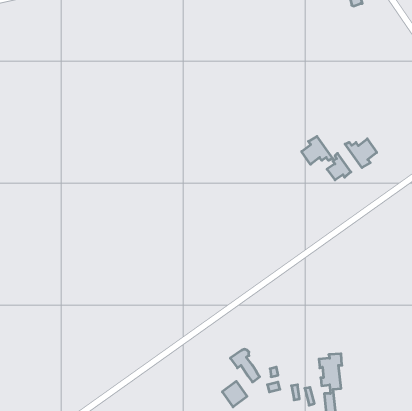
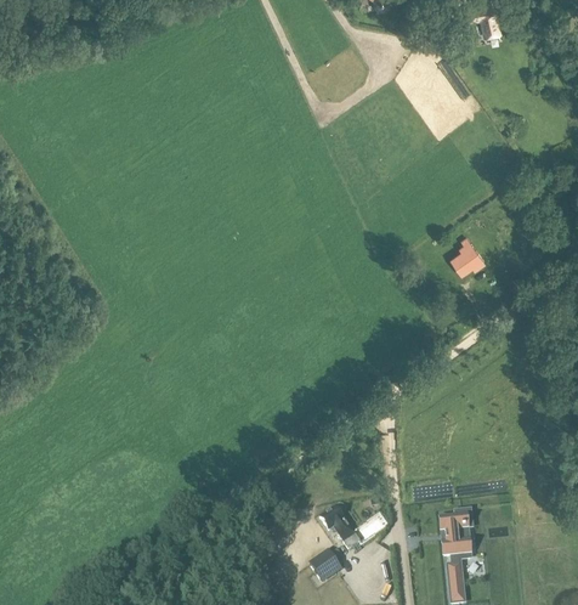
building: [302,136,333,164] -> none
building: [345,139,377,168] -> none

